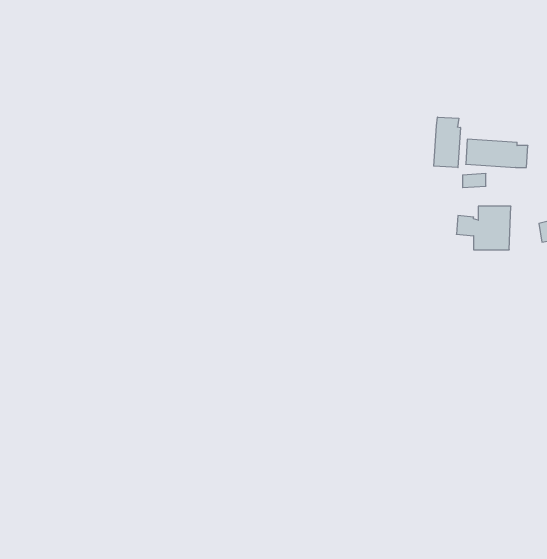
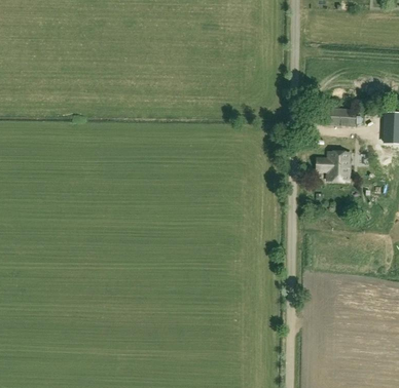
building: [434,117,460,168] -> none

